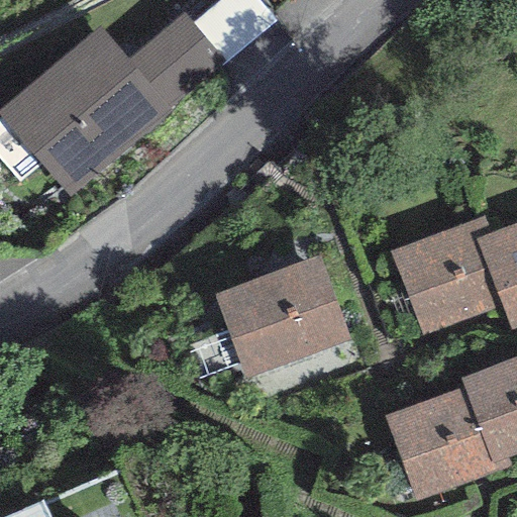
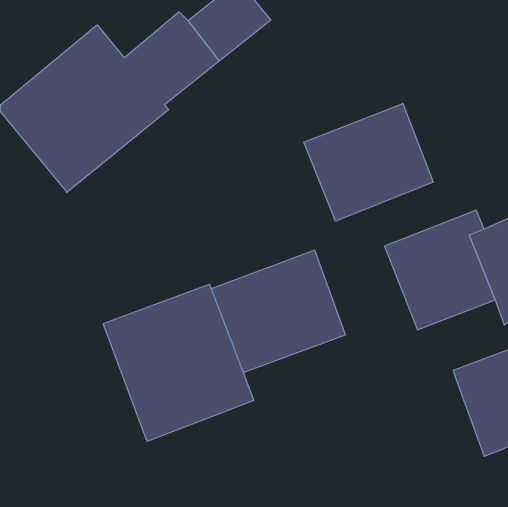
building: none -> [304,103,433,221]
building: none -> [103,284,254,441]
building: [383,385,511,501] -> none

